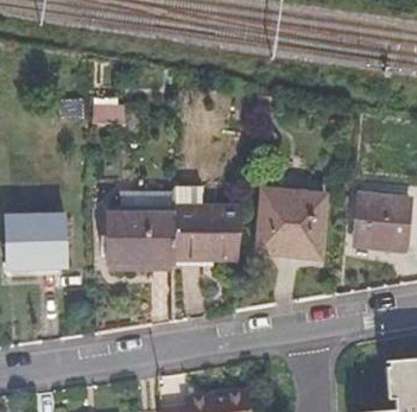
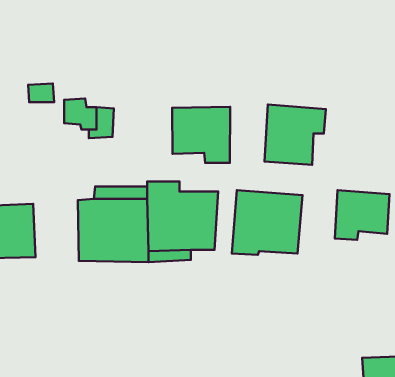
building: none -> [265,104,326,165]
building: none -> [172,107,230,163]

